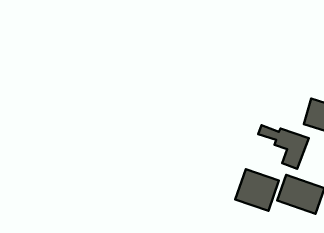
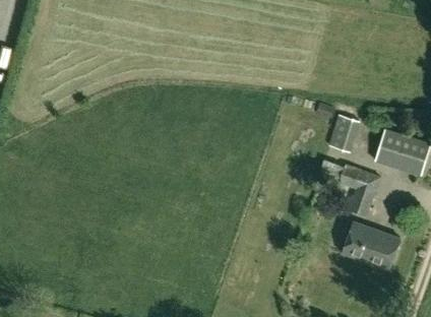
building: none -> [326,114,359,152]
building: [235,169,279,211] -> none

